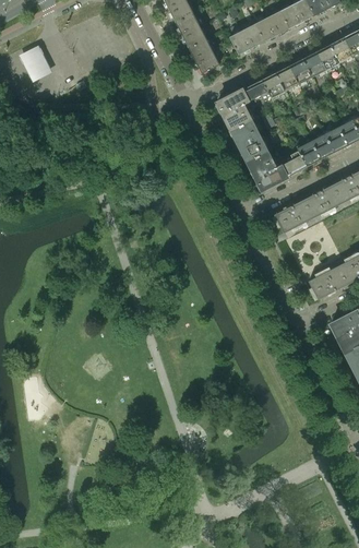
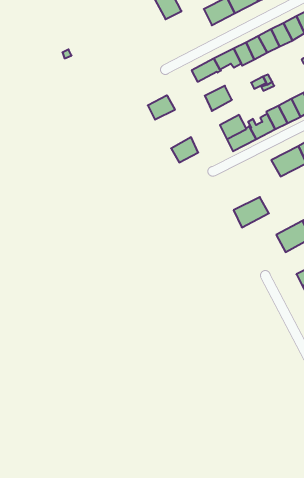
building: [188,39,218,74] -> none
building: [20,44,52,81] -> none
building: [223,105,252,131] -> [148,95,175,120]
building: [238,135,267,163] -> [171,137,198,162]
building: [274,201,312,234] -> [234,197,269,227]

